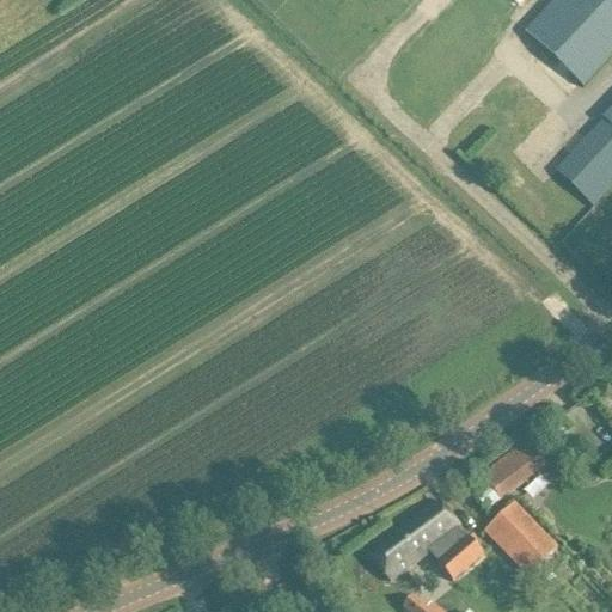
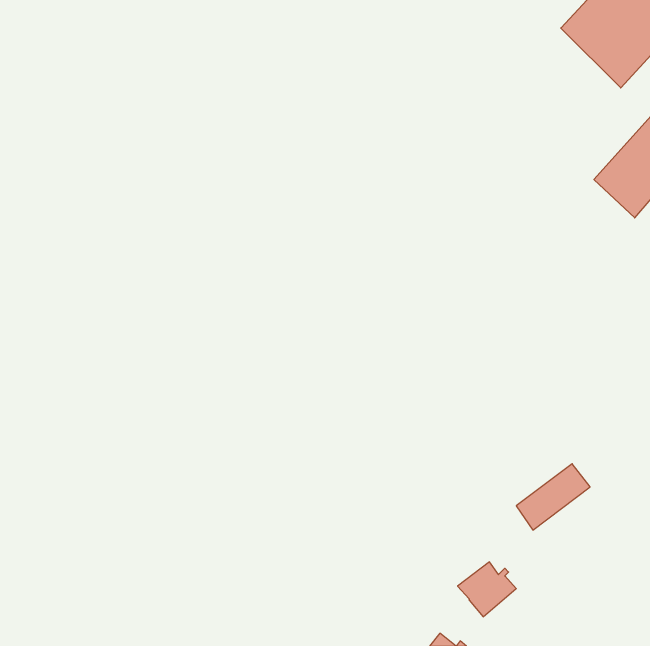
building: [372,498,463,579] -> none
building: [486,502,559,574] -> none

